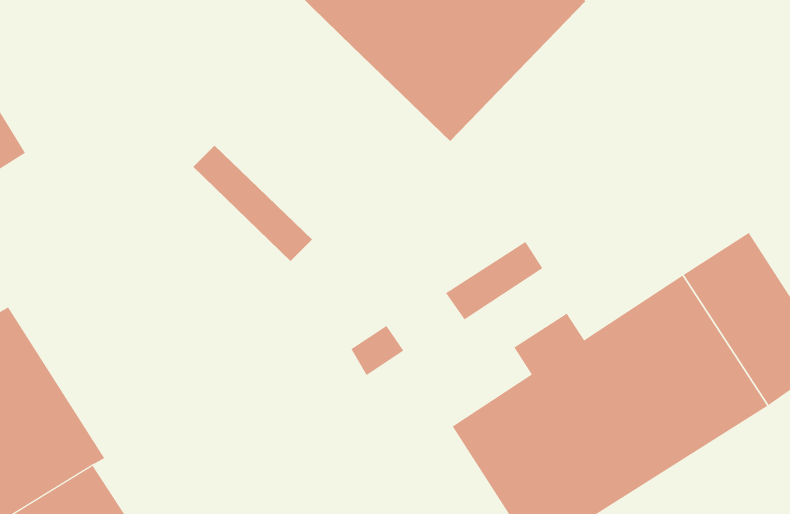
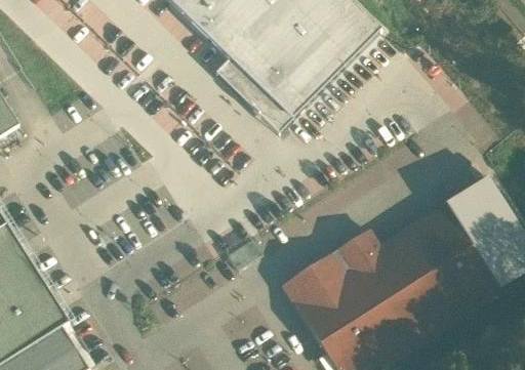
building: [192,145,313,262] -> [214,54,292,130]
building: [445,241,543,320] -> [281,249,345,300]

